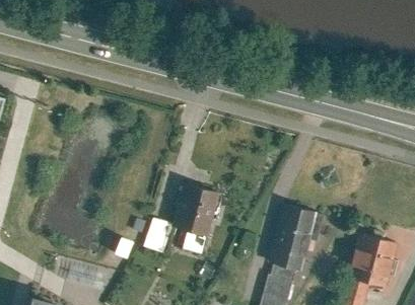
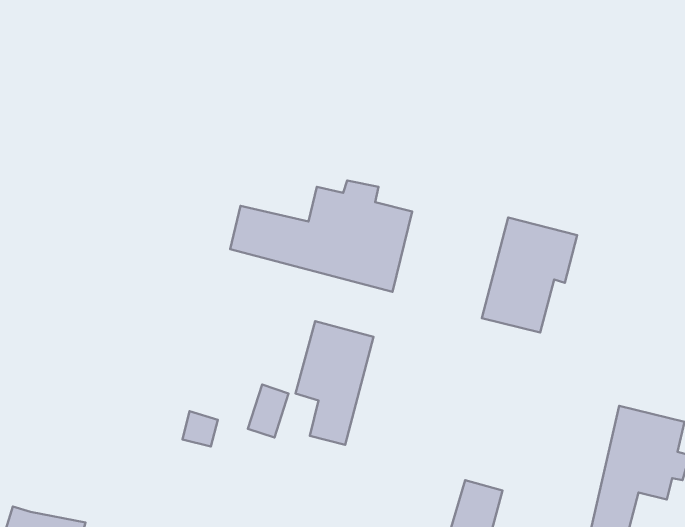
building: none -> [230,180,412,292]
building: [270,207,325,273] -> [482,218,577,332]

